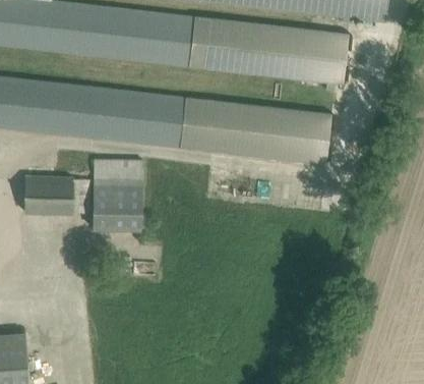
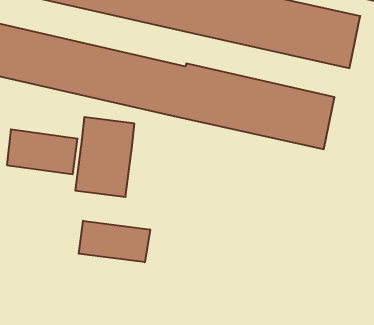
building: none -> [79,221,150,262]

